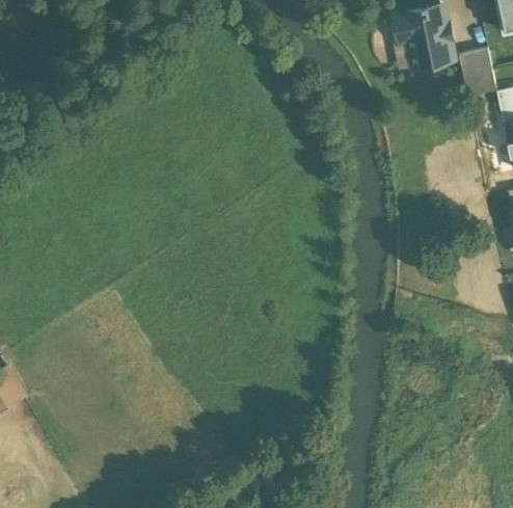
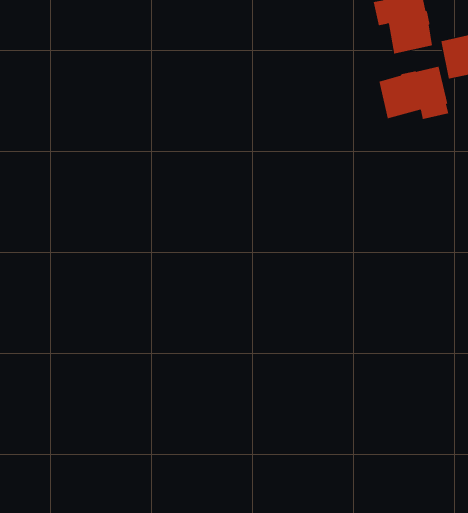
building: none -> [379,66,449,120]

